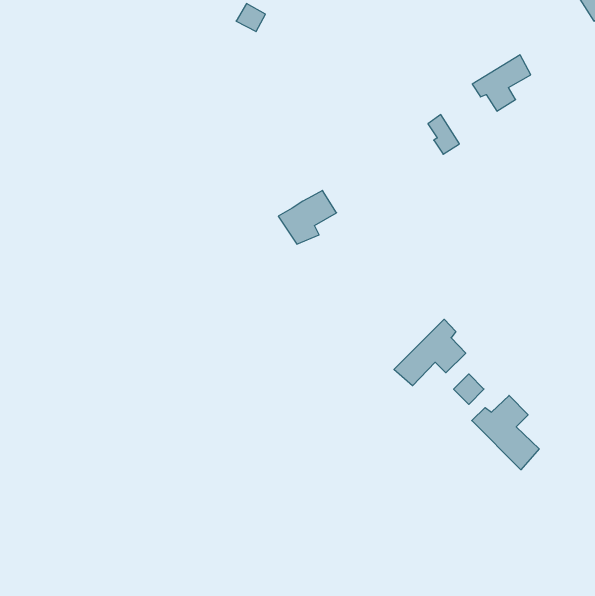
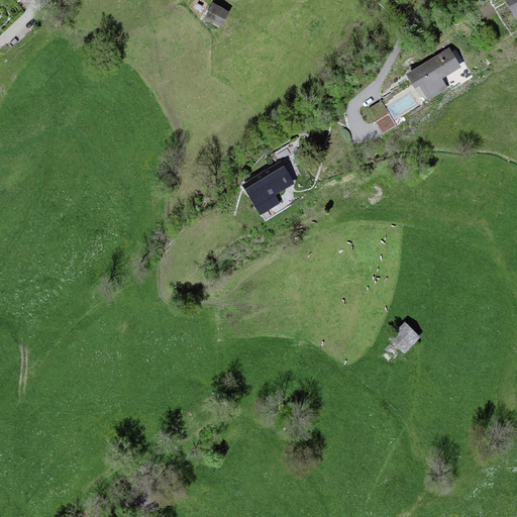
building: [394,319,466,386] -> none
building: [472,395,539,470] -> none

